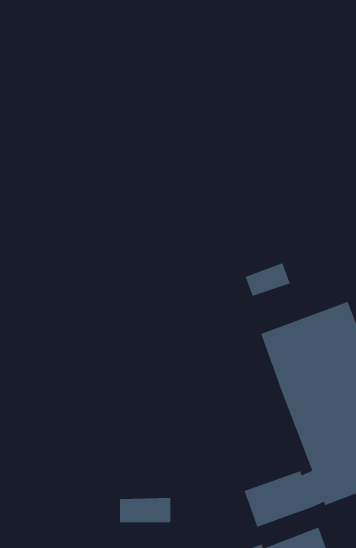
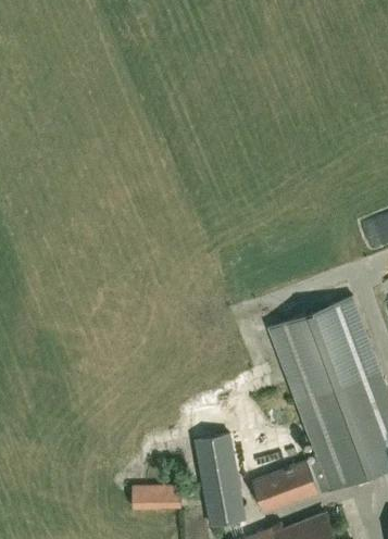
building: [244,262,291,297] -> none
building: none -> [192,435,246,528]

